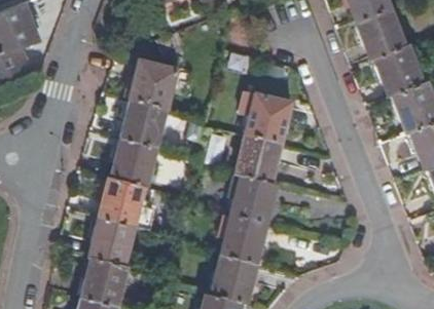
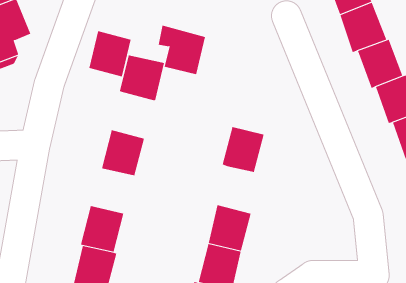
building: [240,92,289,144] -> [158,25,206,75]
building: [121,100,166,148] -> [88,30,131,77]
building: [230,177,277,225] -> none
building: [100,178,144,225] -> none

